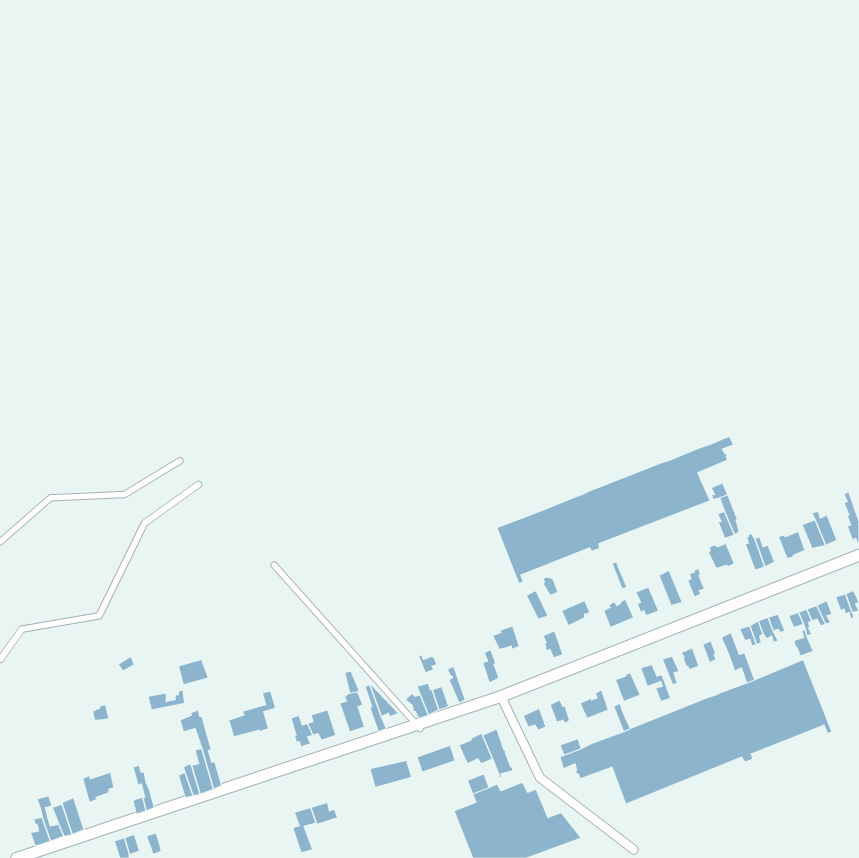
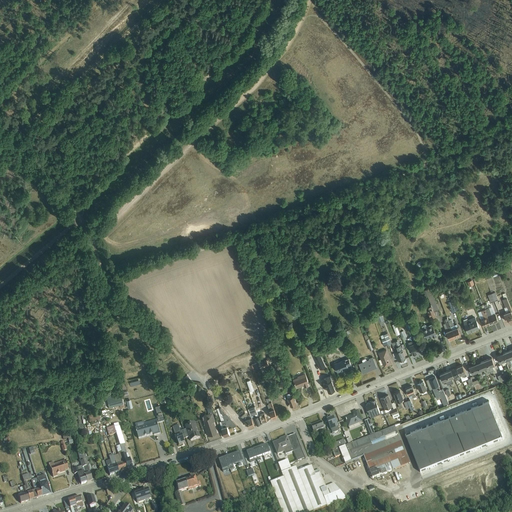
building: [497,436,734,584] -> none

